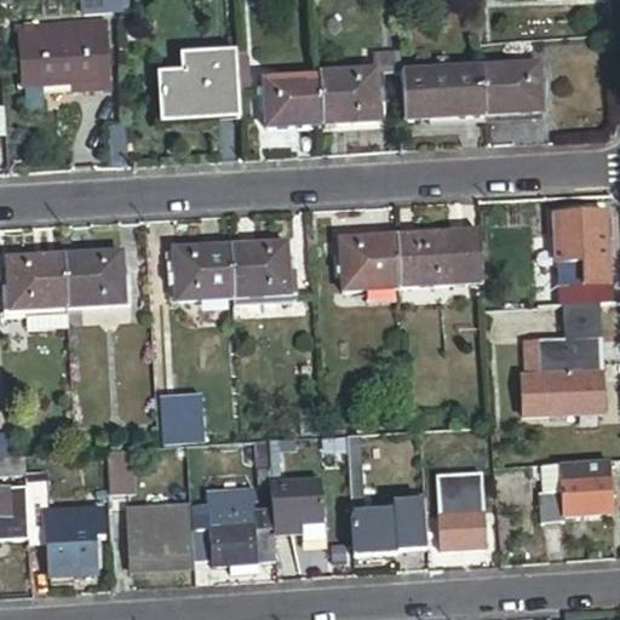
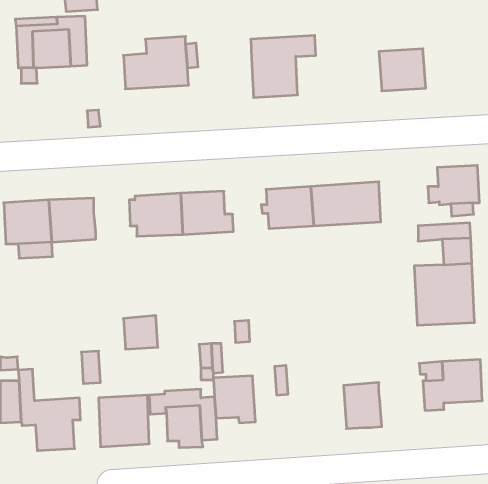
building: [401,65,484,120] -> none
building: [263,74,322,127] -> none
building: [351,505,426,552] -> none

